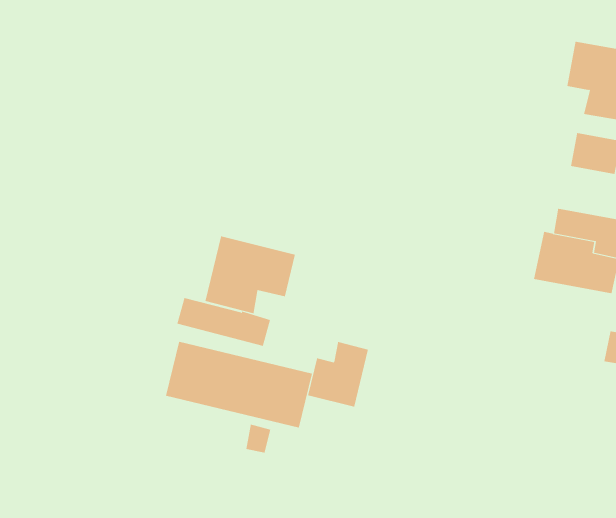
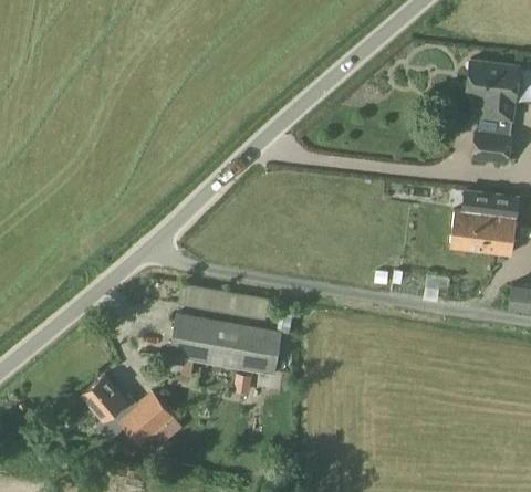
building: [205,236,295,314] -> none
building: [308,341,369,408] -> none
building: none -> [82,376,175,448]

